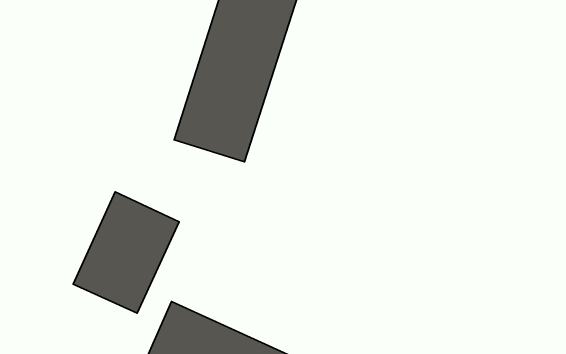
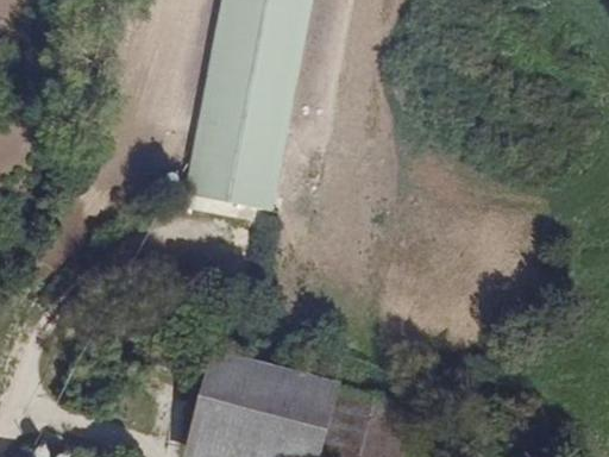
building: [73,192,179,313] -> none

